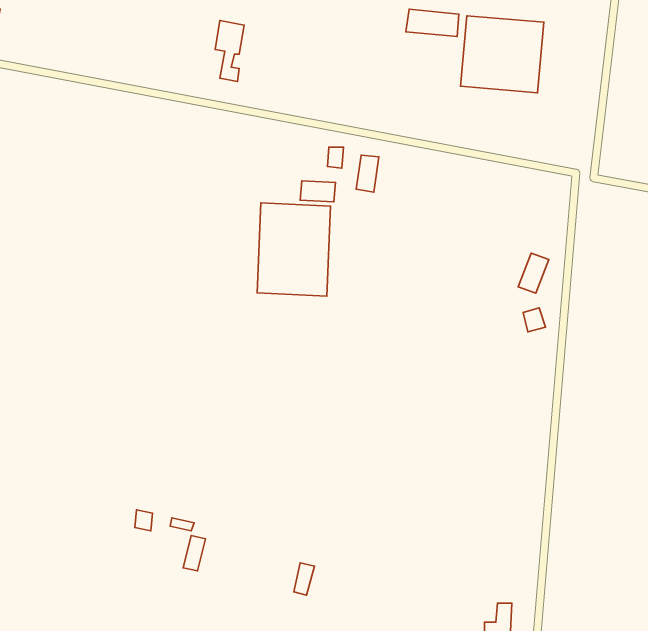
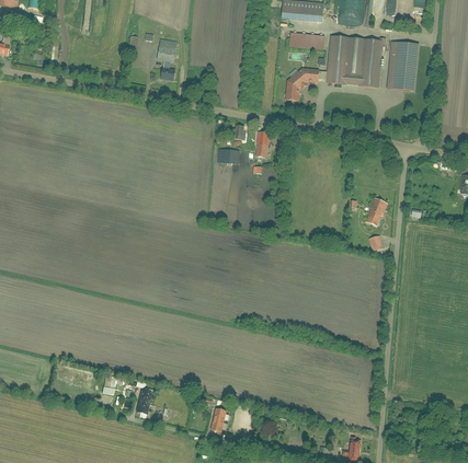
building: none -> [387,42,419,91]
building: none -> [285,68,321,100]
building: [257,203,331,296] -> none

